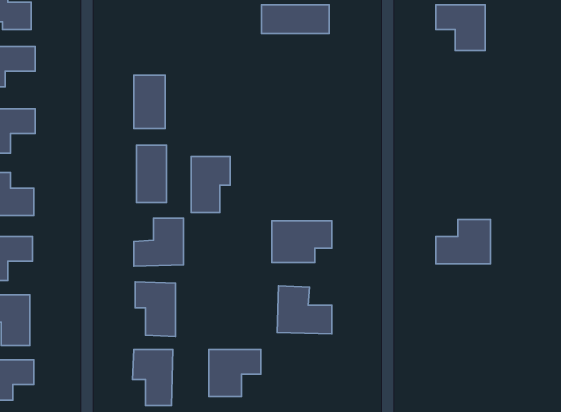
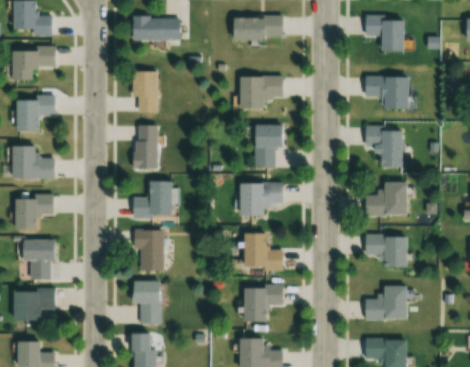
building: none -> [131,18,187,41]
building: none -> [239,76,284,109]
building: none -> [365,76,407,109]
building: none -> [366,125,402,166]
building: [191,157,230,213] -> [254,125,284,168]
building: none -> [366,235,407,268]
building: [209,350,261,396] -> [244,286,284,322]
building: none -> [366,287,407,319]

